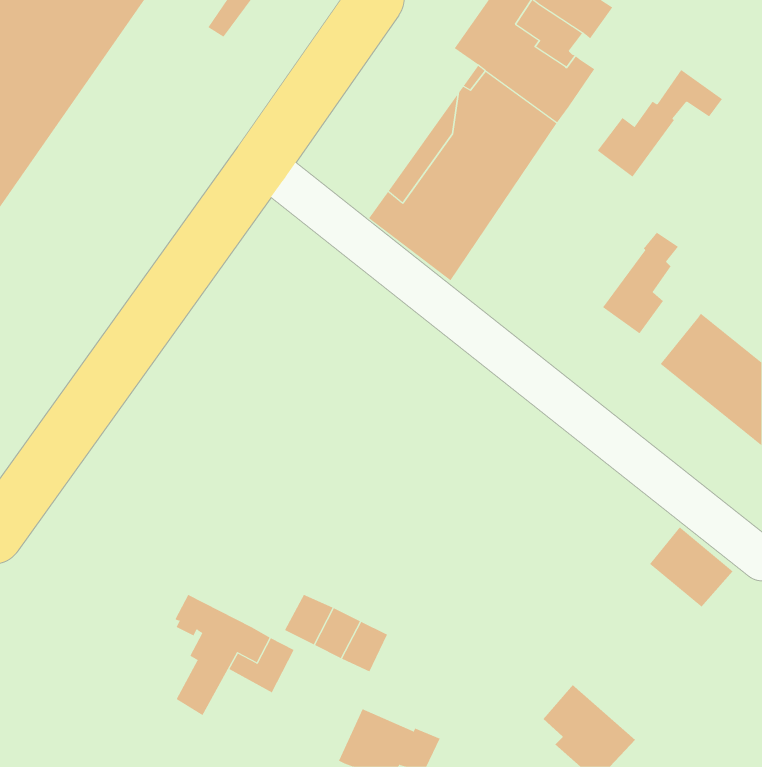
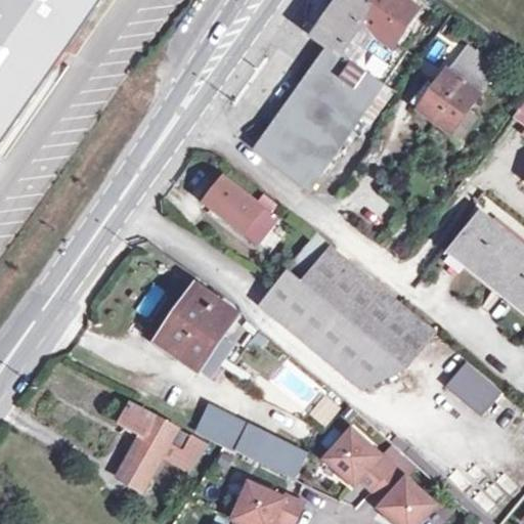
building: [602,232,679,334] -> [431,70,483,139]
building: none -> [203,176,275,243]
building: none -> [258,233,432,387]
building: none -> [158,287,235,369]
building: none -> [323,429,390,489]
building: none -> [252,432,304,478]

